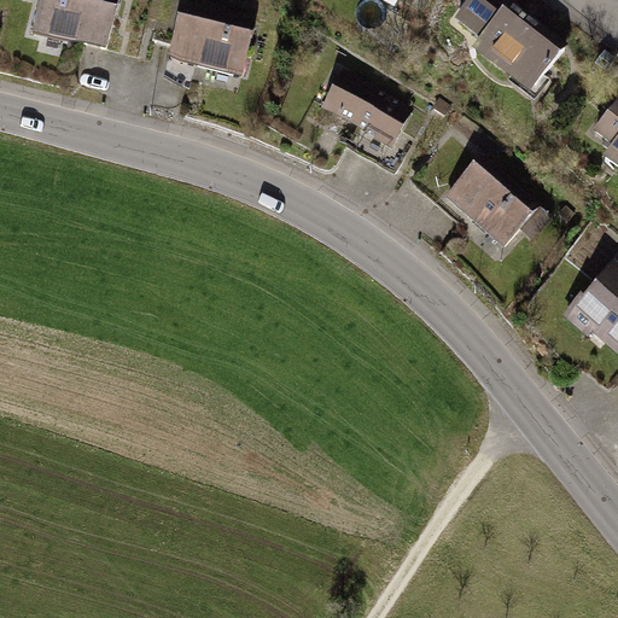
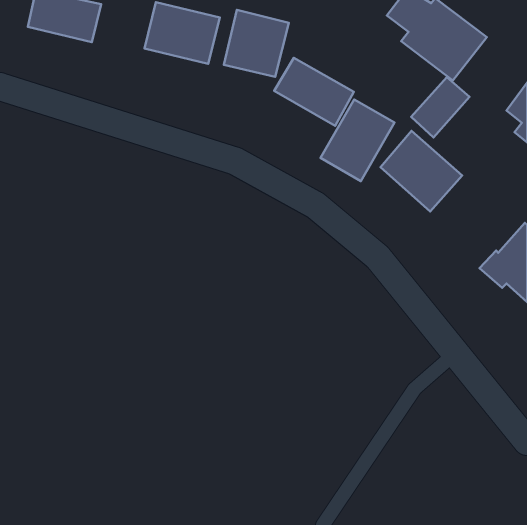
building: none -> [224,10,289,77]
building: none -> [411,77,470,137]
building: none -> [320,99,395,181]

